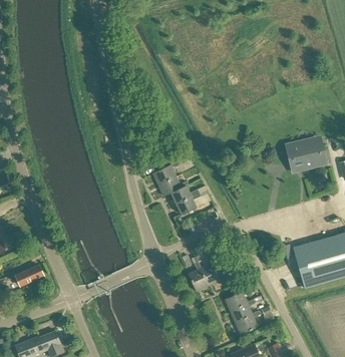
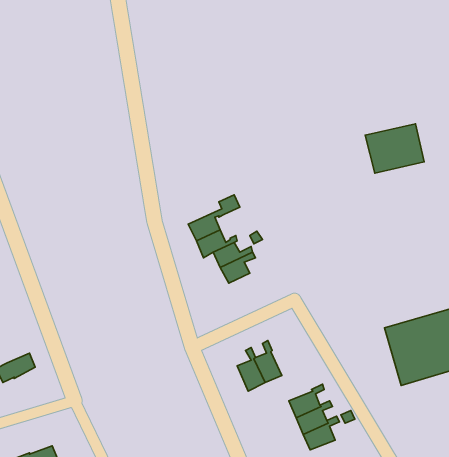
building: [286,137,328,172] -> [365,124,424,173]

